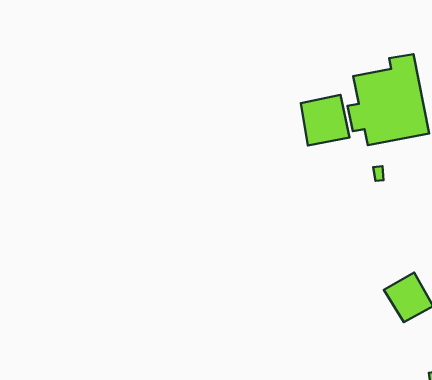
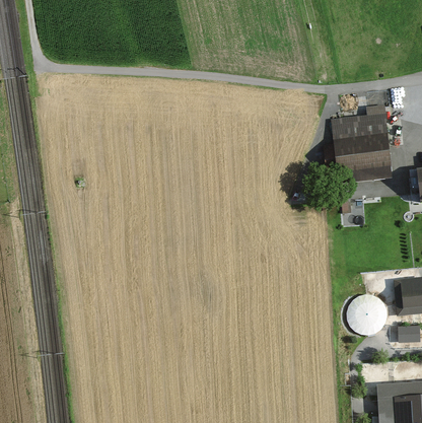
building: [301,95,350,146] -> none

